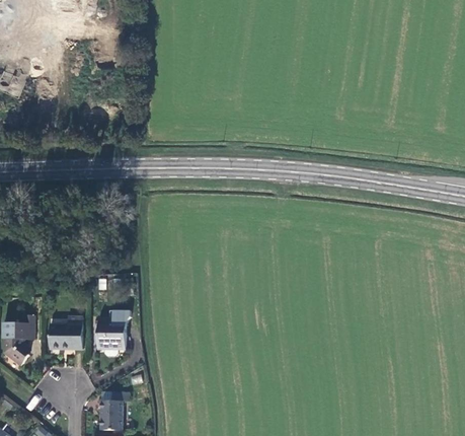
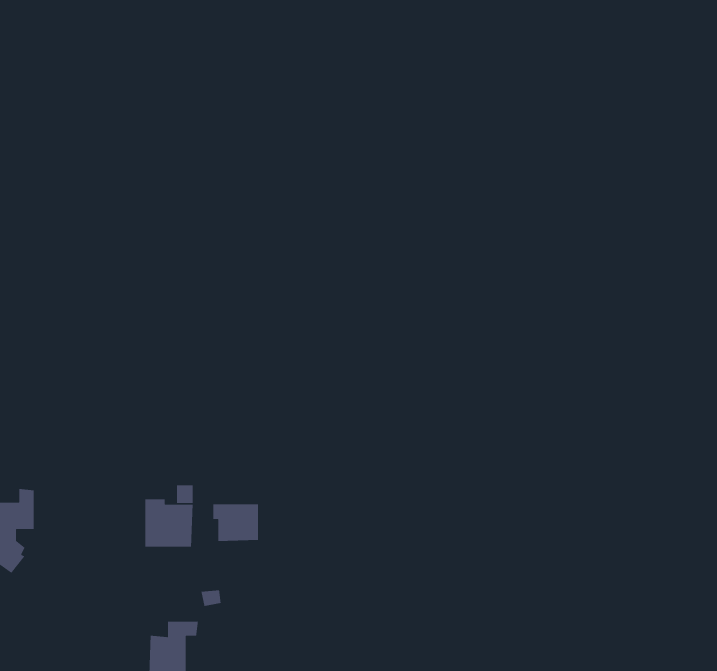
building: [48,315,81,348] -> none
building: none -> [213,504,259,542]

